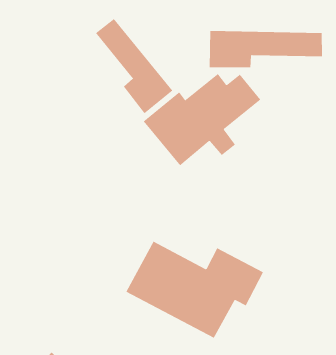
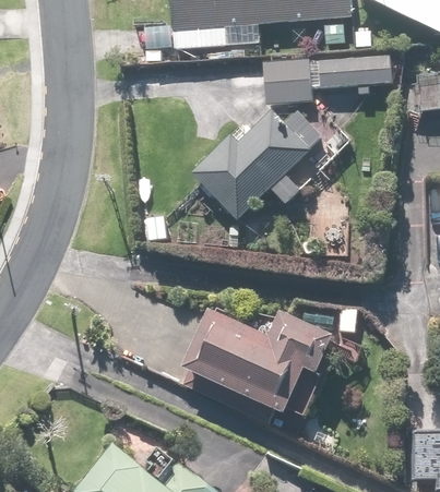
building: [95,18,173,114] -> none

